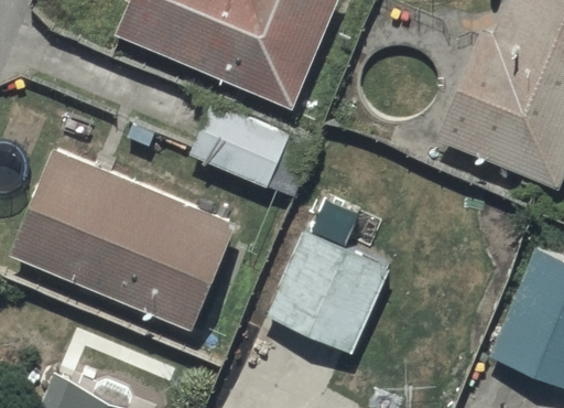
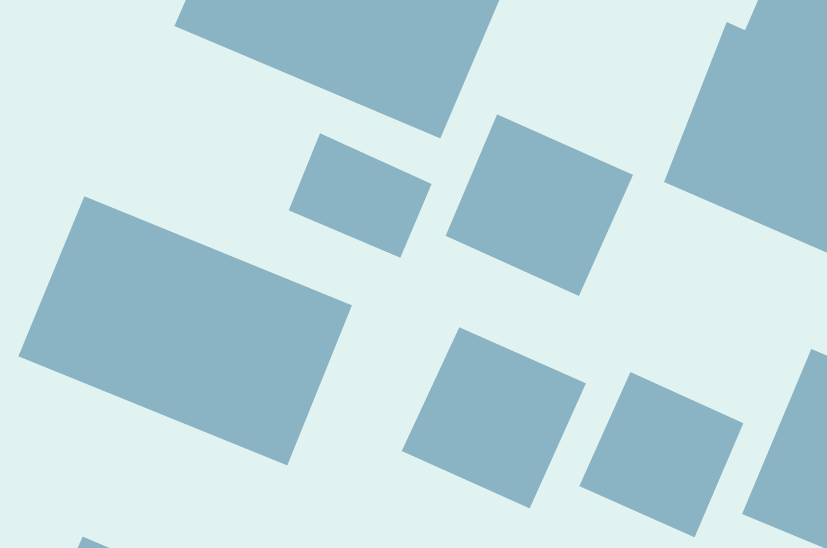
building: none -> [445,113,634,297]
building: none -> [579,371,744,538]

